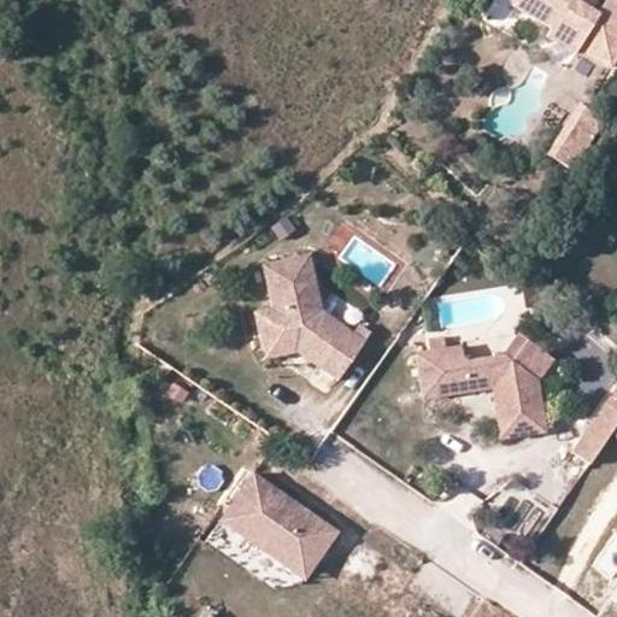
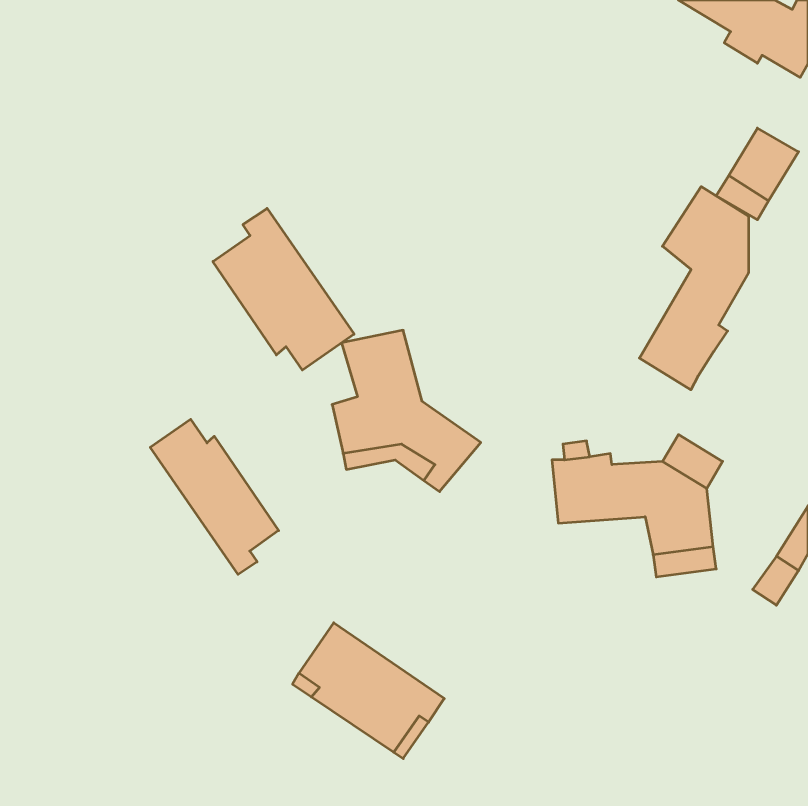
building: none -> [639,187,749,390]
building: none -> [213,208,354,370]
building: none -> [150,419,279,574]

